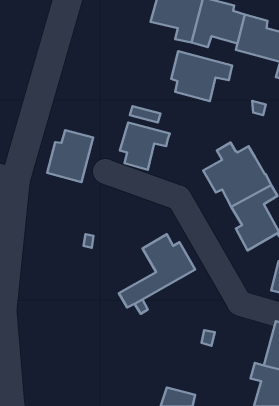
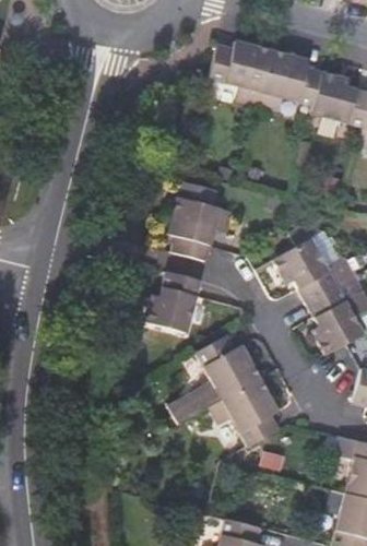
building: [171,51,232,101] -> none
building: [47,130,93,182] -> [147,271,203,333]
building: none -> [212,378,281,447]

